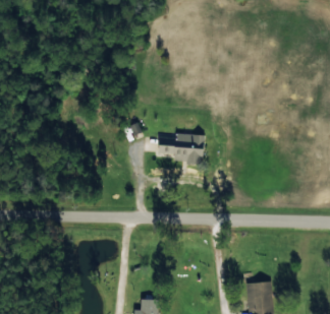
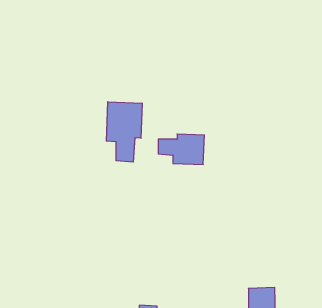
building: none -> [106,102,142,162]

